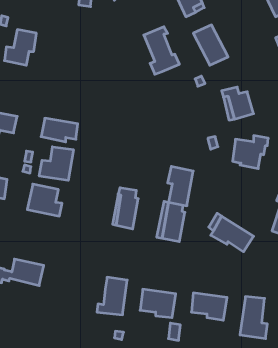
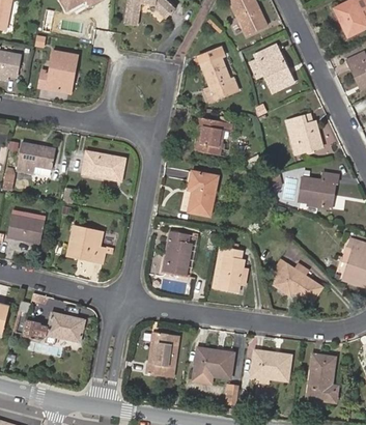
building: none -> [195,116,231,154]
building: [39,147,73,180] -> none
building: [168,166,193,206] -> [188,171,217,216]

